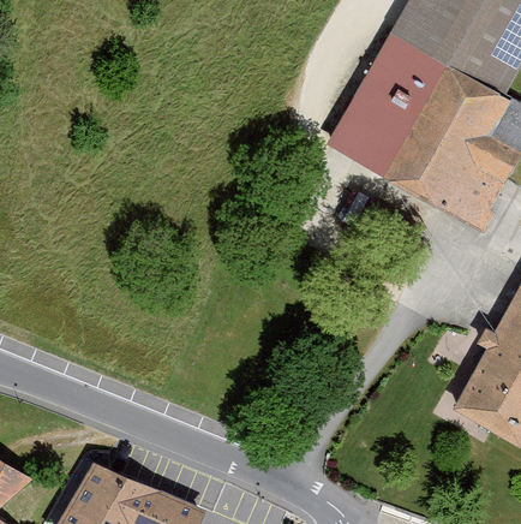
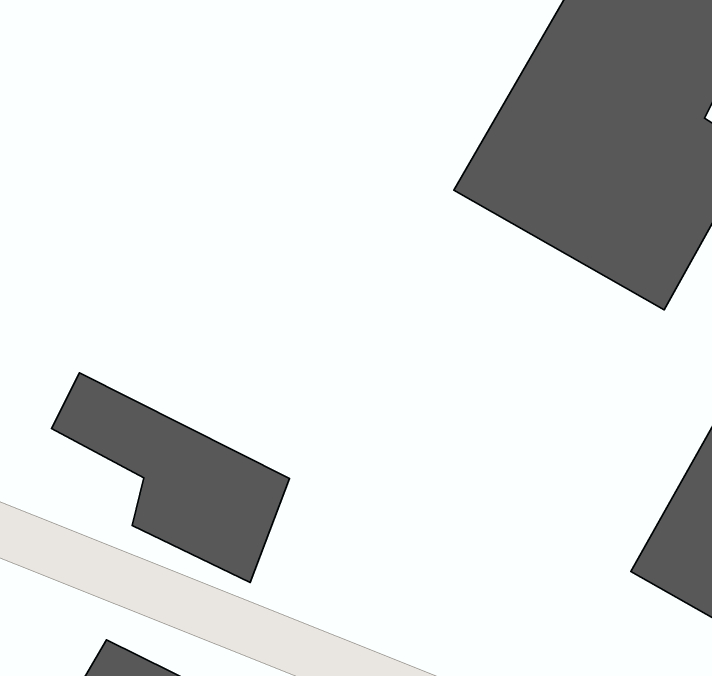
building: none -> [52,373,290,582]

